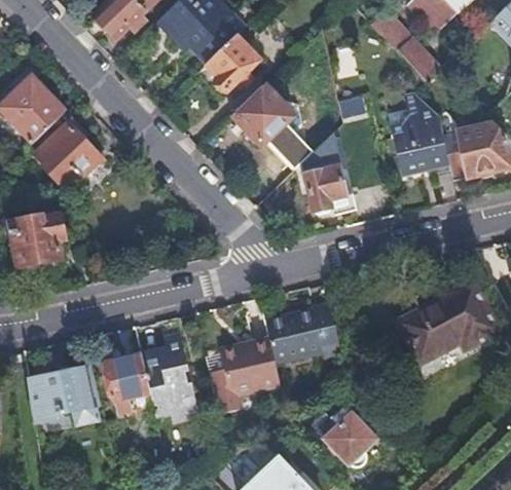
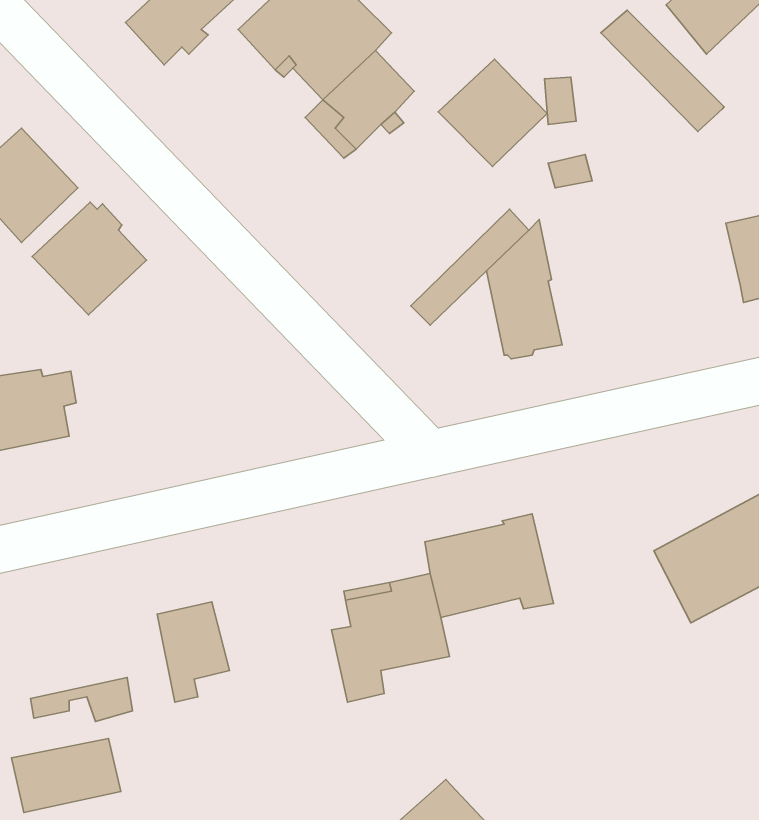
building: [231,81,295,144] -> [438,59,547,166]
building: [390,91,450,174] -> none
building: [142,339,198,417] -> none
building: [29,368,93,411] -> [12,739,121,813]
building: [314,406,373,470] -> none

